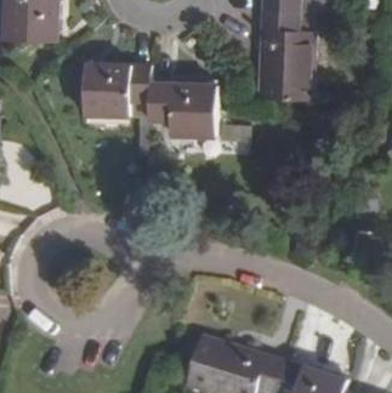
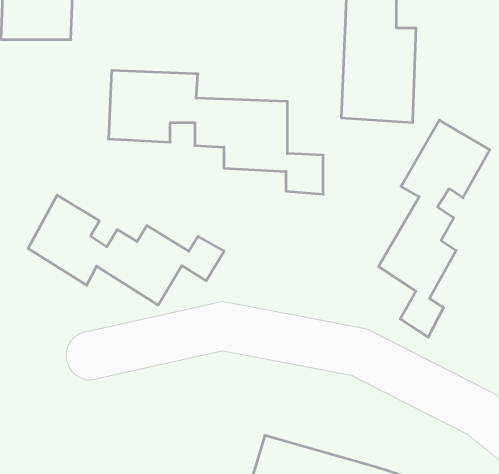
building: none -> [379,120,490,337]
building: none -> [28,195,224,305]

